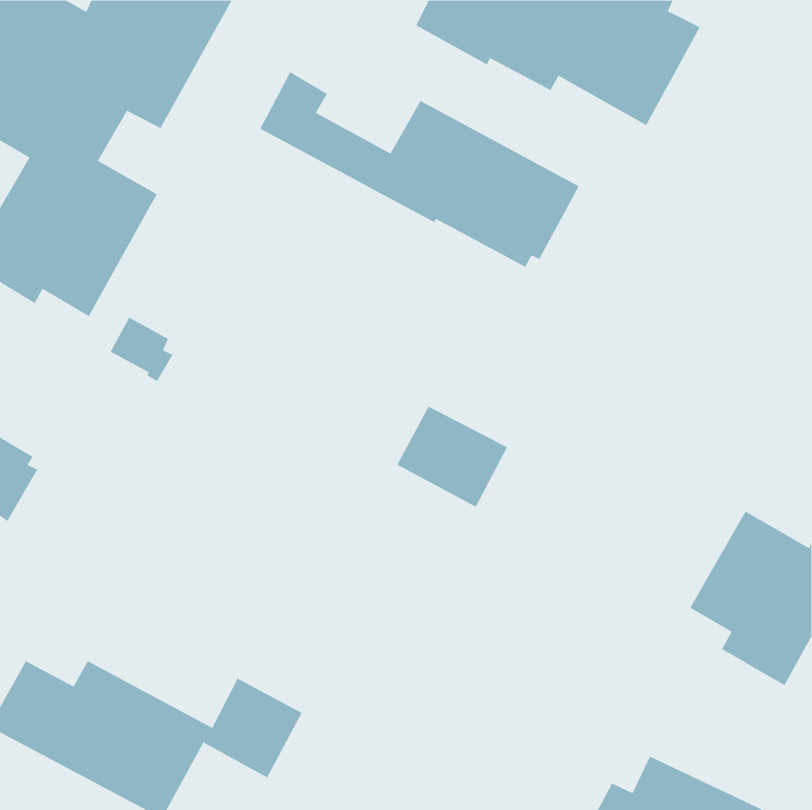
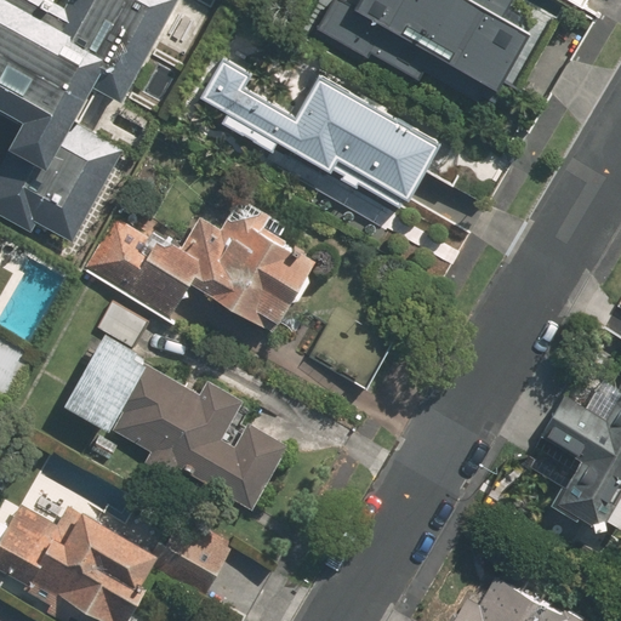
building: none -> [120,215,317,335]
building: none -> [65,301,286,511]

